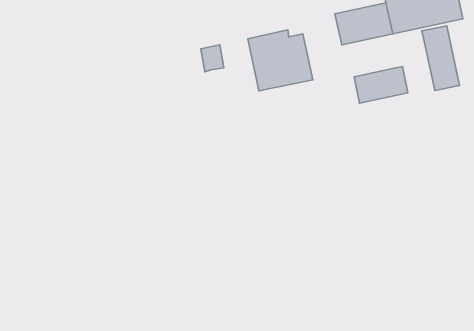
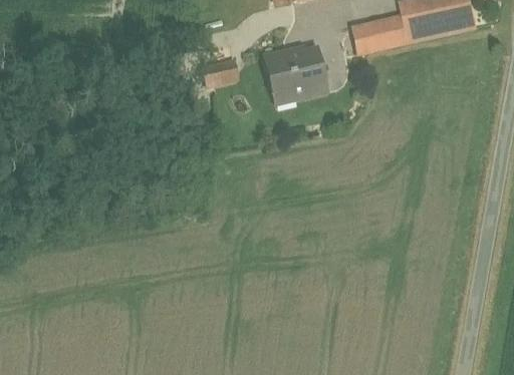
building: [422,26,460,91] -> none
building: [354,67,408,103] -> none

